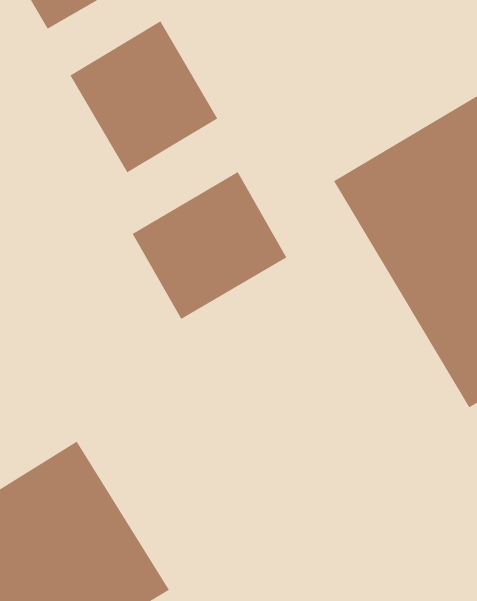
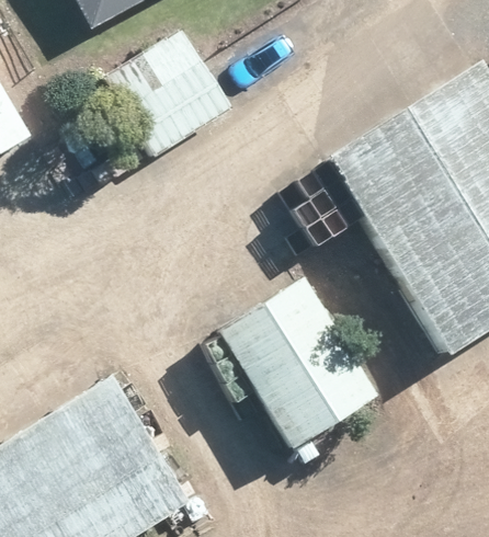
building: [132,171,287,320] -> none
building: none -> [218,282,372,445]

